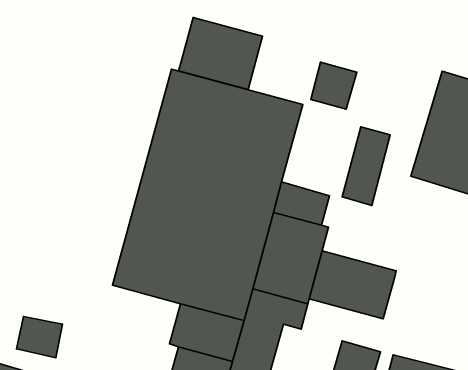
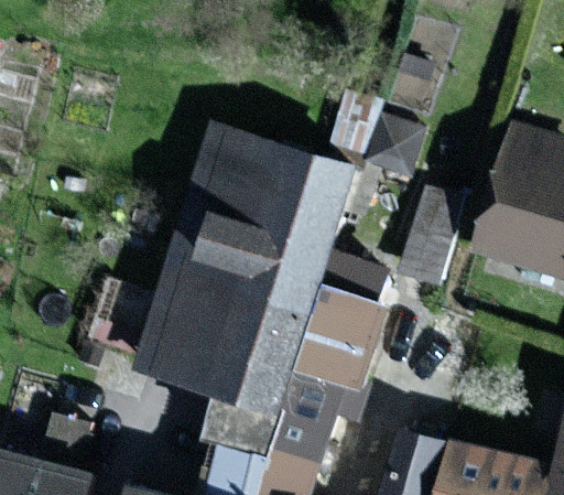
building: [179,17,263,90] -> none
building: [309,251,396,319] -> none

